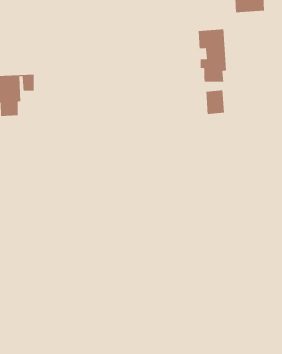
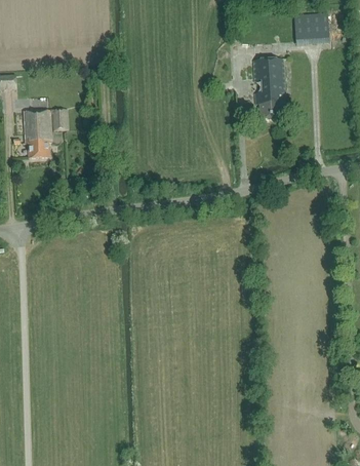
building: [206,90,225,115] -> none

